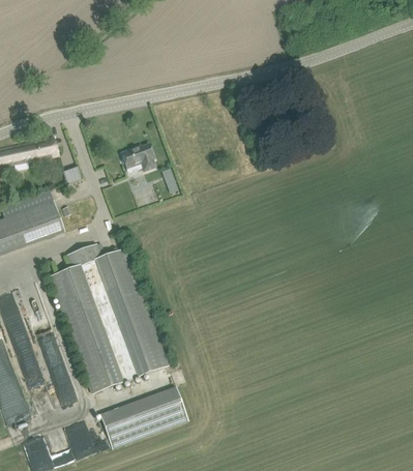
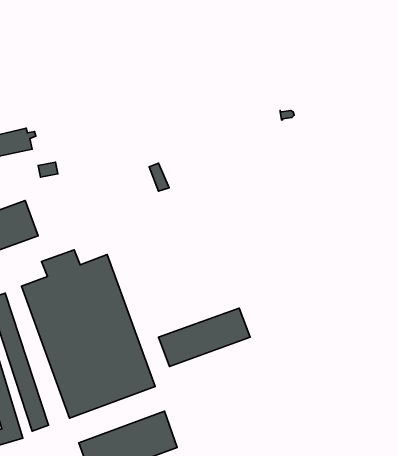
building: [121,143,155,170] -> none
building: none -> [158,308,250,367]

